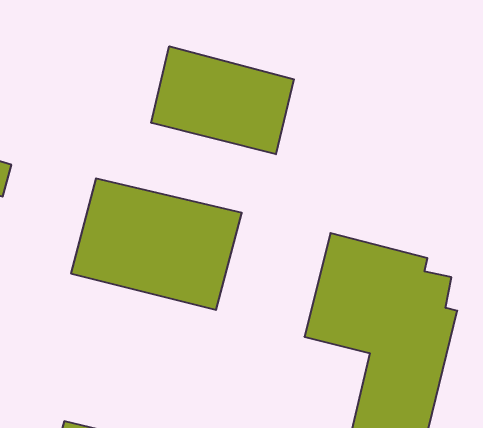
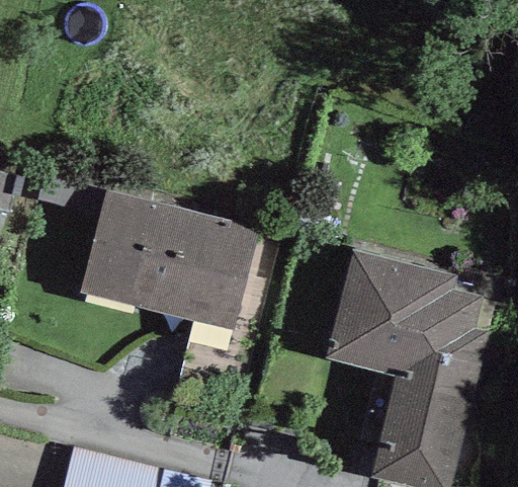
building: [151,46,294,154] -> none

